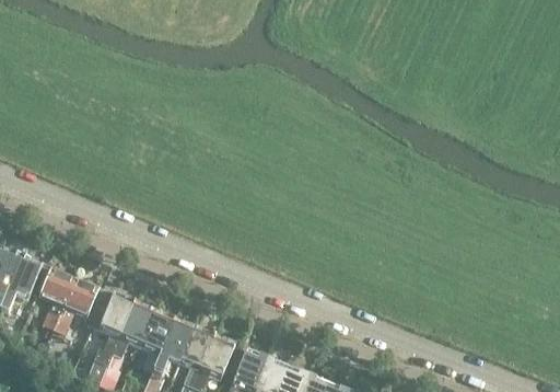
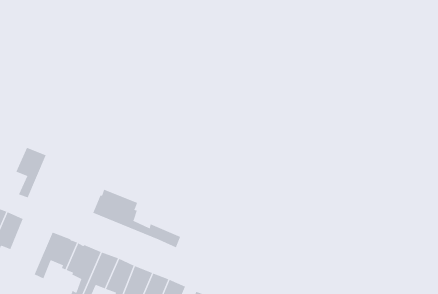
building: none -> [92,189,181,248]
building: [37,270,74,332] -> [15,147,47,198]

